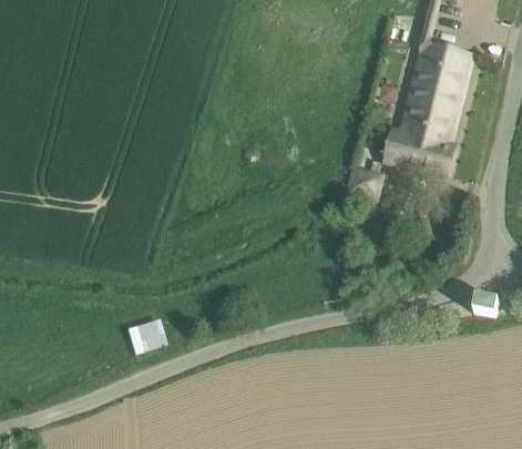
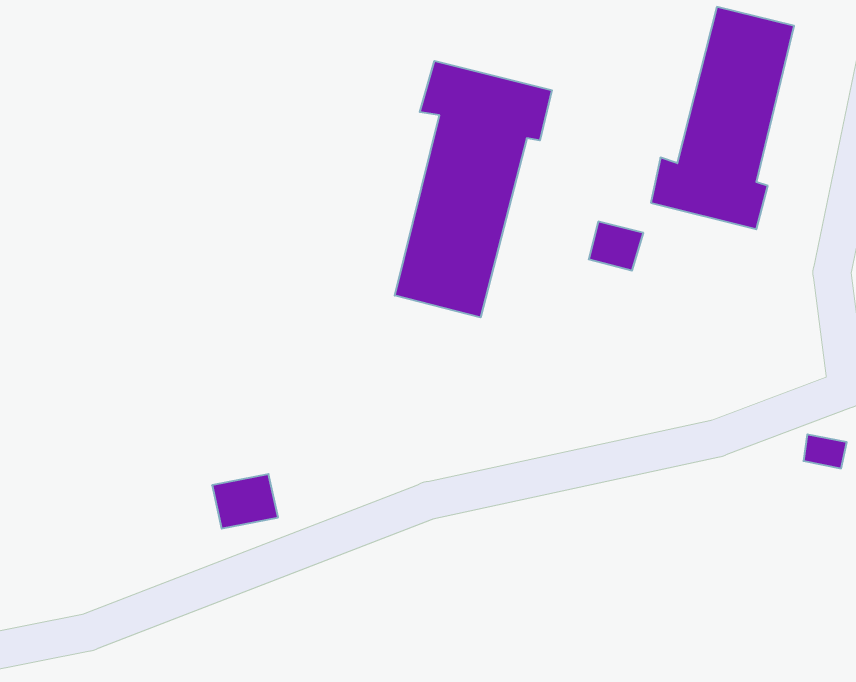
building: none -> [395,61,552,317]

